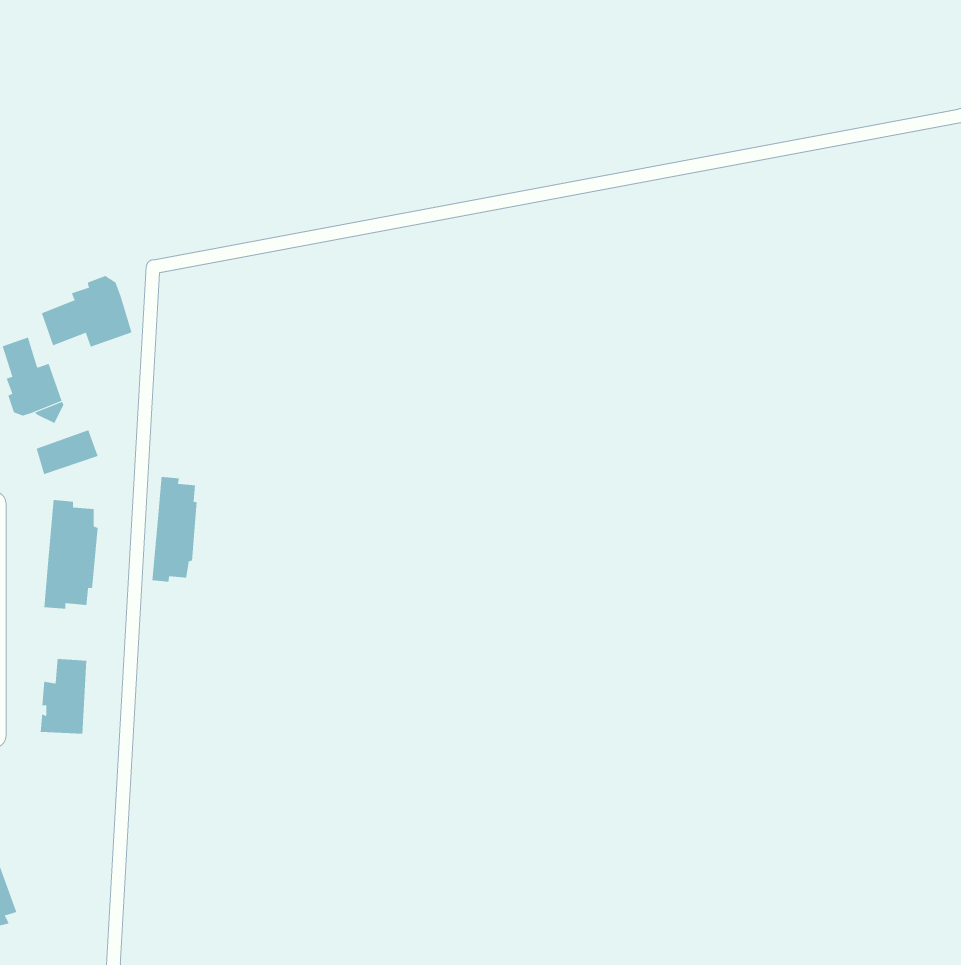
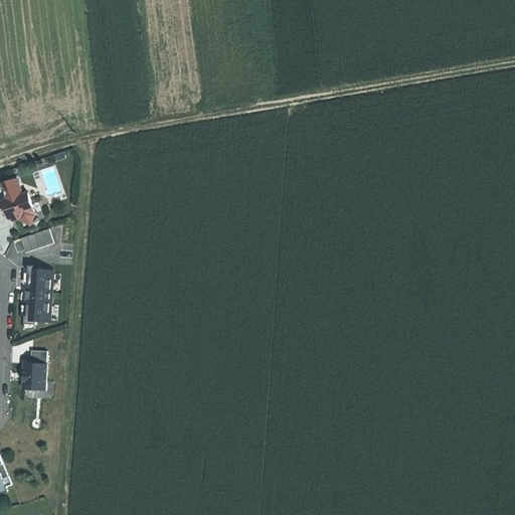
building: [41,275,132,348] -> none
building: [152,476,197,582] -> none

